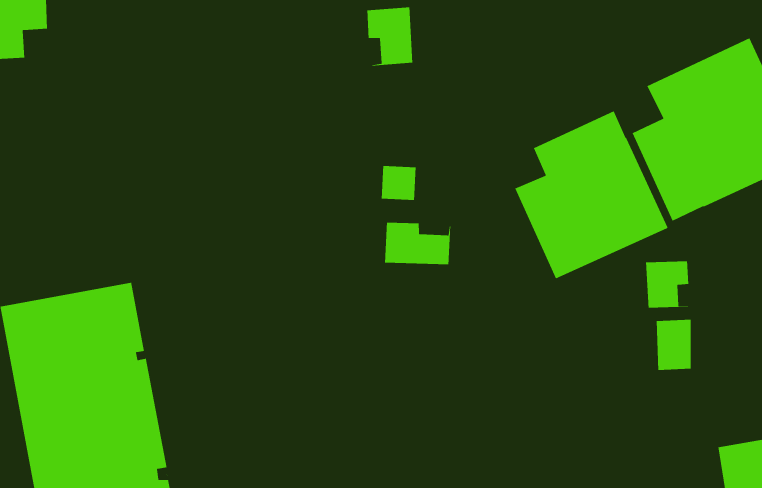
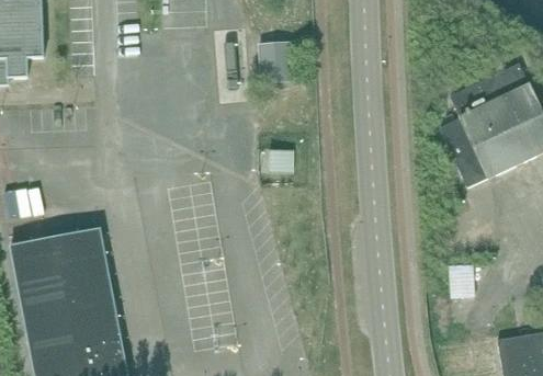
building: [514,110,668,280] -> none
building: [384,222,451,265] -> none
building: [645,260,689,308] -> none

